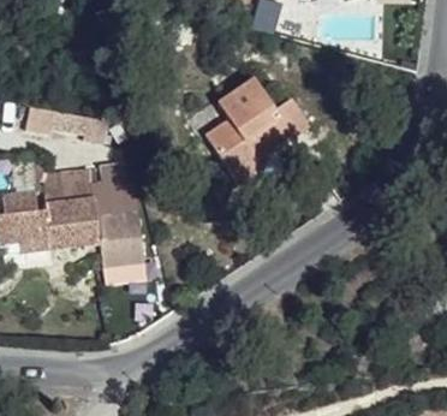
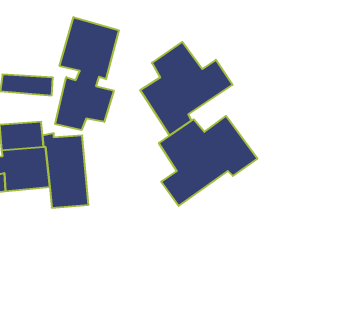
building: none -> [55,17,119,130]
building: none -> [159,116,257,206]

